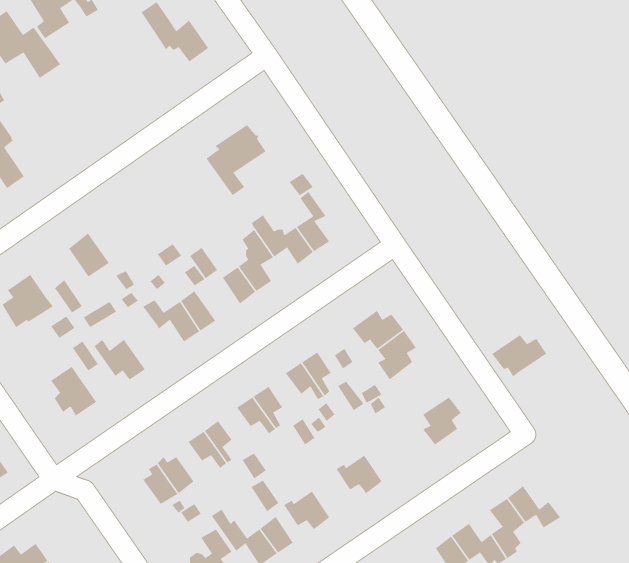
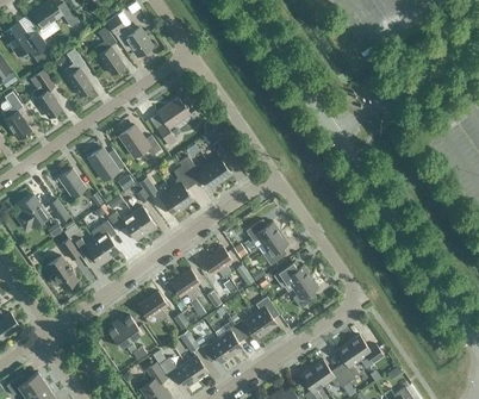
building: none -> [94,26,124,75]
building: none -> [63,49,92,96]
building: none -> [30,70,61,118]
building: none -> [119,125,161,157]
building: none -> [87,148,124,181]
building: none -> [91,220,119,258]
building: [491,334,547,377] -> [273,263,310,292]
building: none -> [254,297,279,332]
building: none -> [219,318,244,356]

